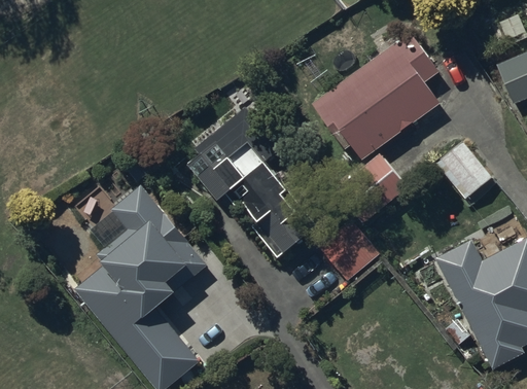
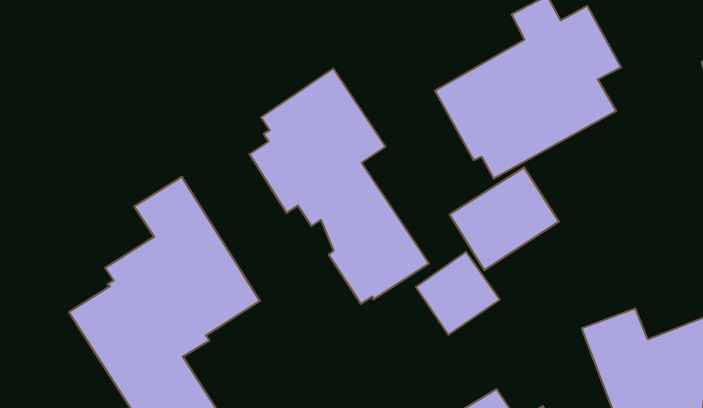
building: [434,135,491,193] -> none

